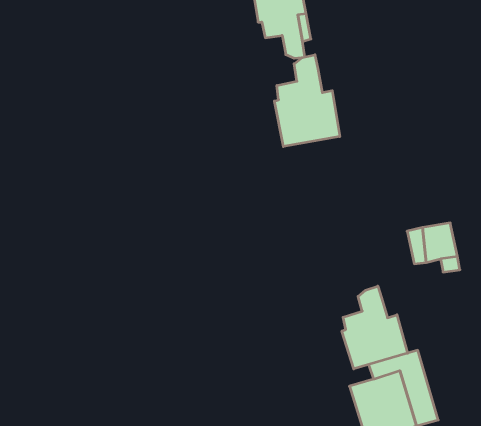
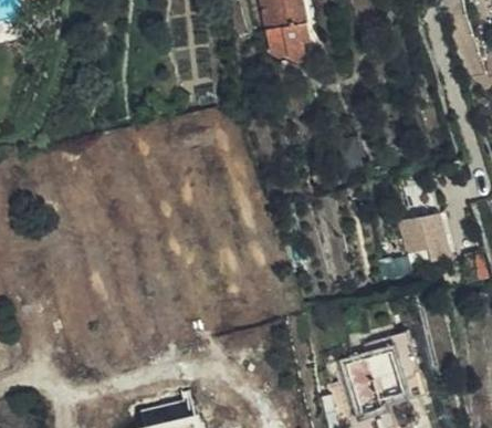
building: [274,55,340,147] -> none
building: [342,286,408,369] -> none

